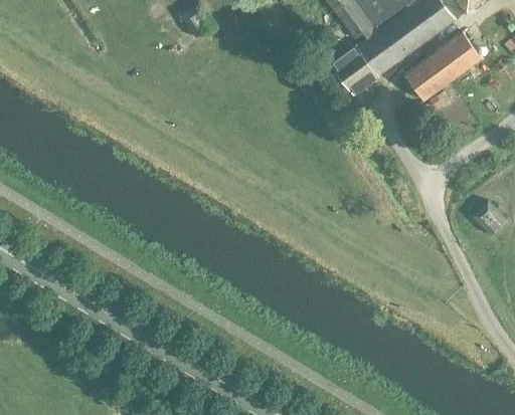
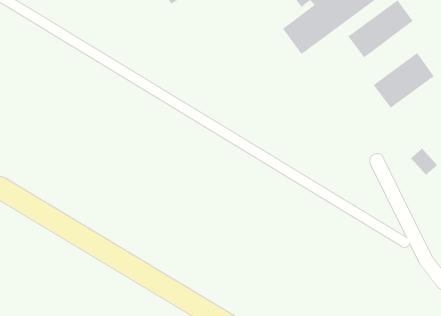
building: none -> [373,52,435,108]

